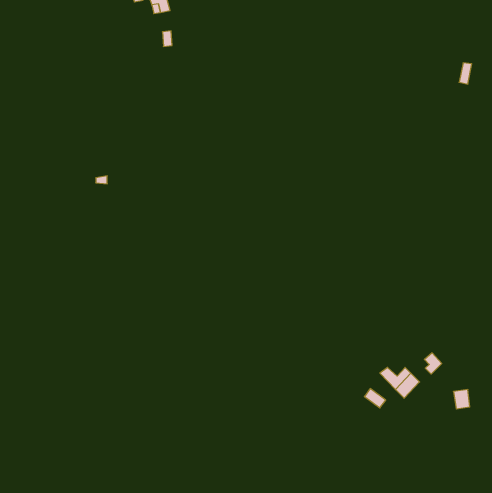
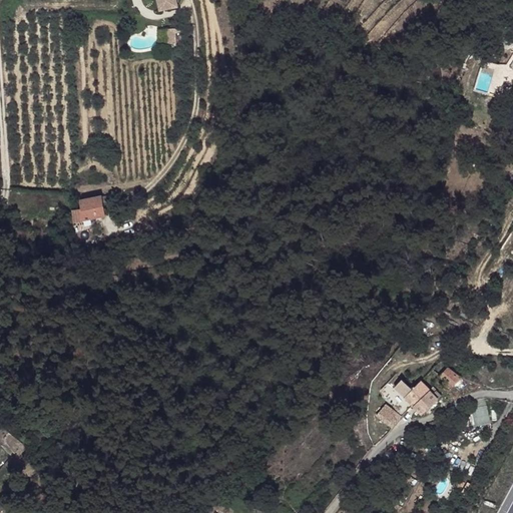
building: none -> [77,197,103,221]

